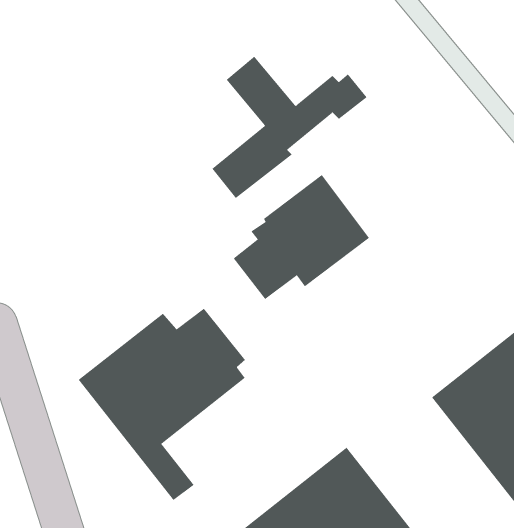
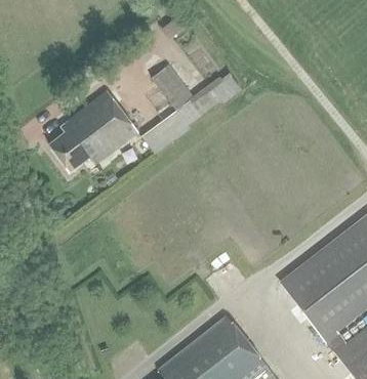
building: [233,174,370,300] -> [49,90,137,171]
building: [78,308,246,501] -> none

